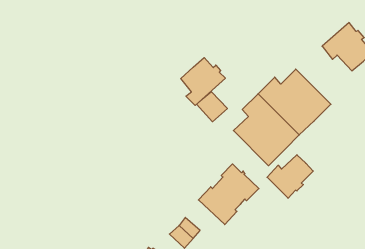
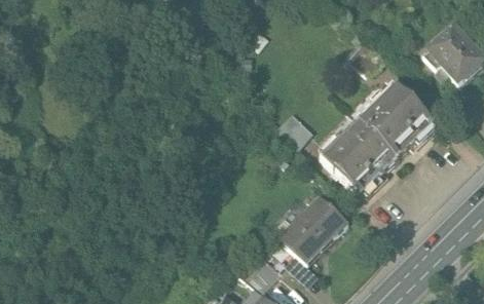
building: [181,58,225,105] -> none
building: [267,155,313,198] -> none

